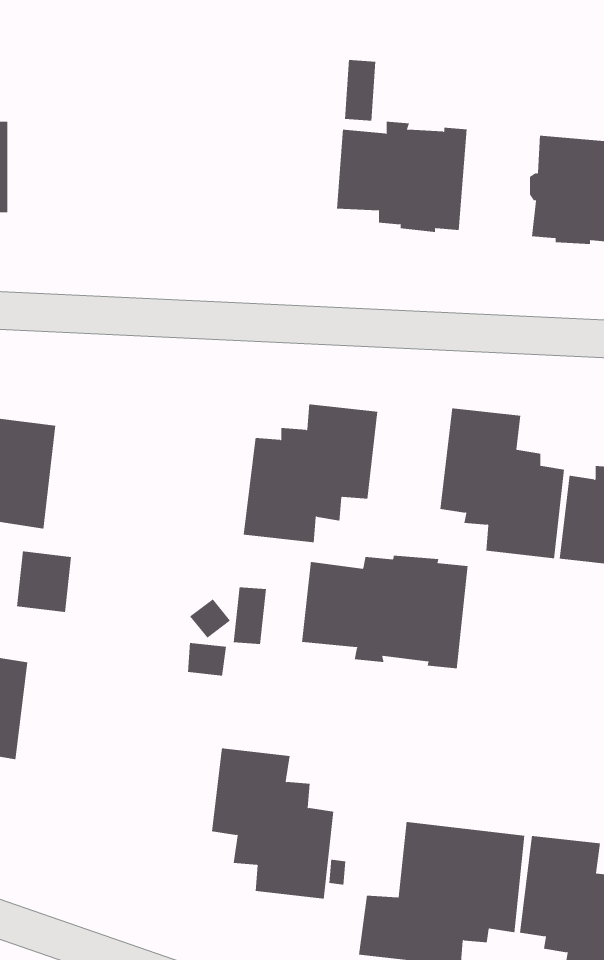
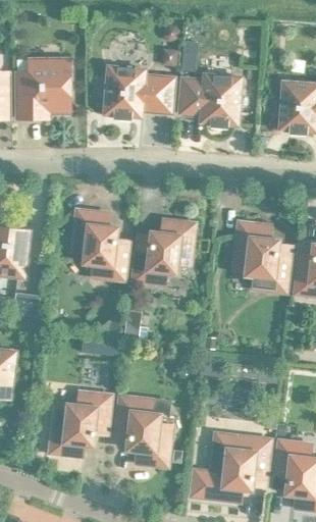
building: none -> [15,59,68,118]
building: none -> [100,63,175,120]
building: none -> [67,206,130,283]
building: [301,555,468,669] -> none
building: none -> [44,388,113,460]

